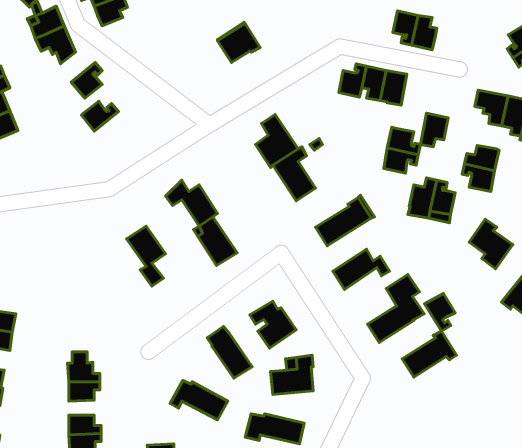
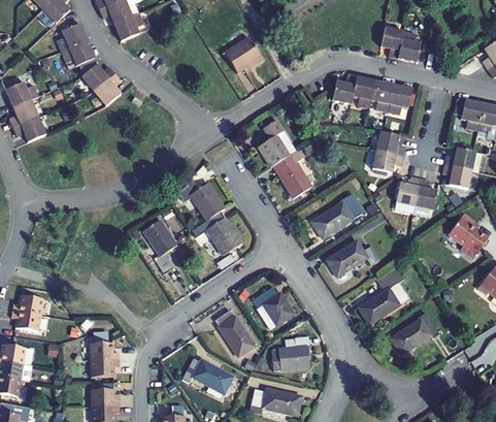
building: [81,101,118,131] -> [81,64,114,91]
building: [421,113,448,147] -> [388,84,412,113]
building: [424,293,455,331] -> none

